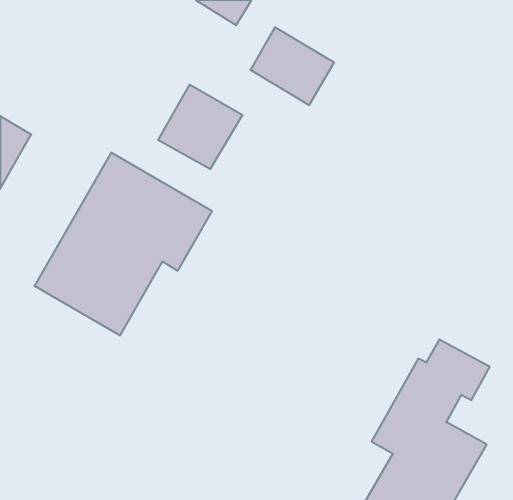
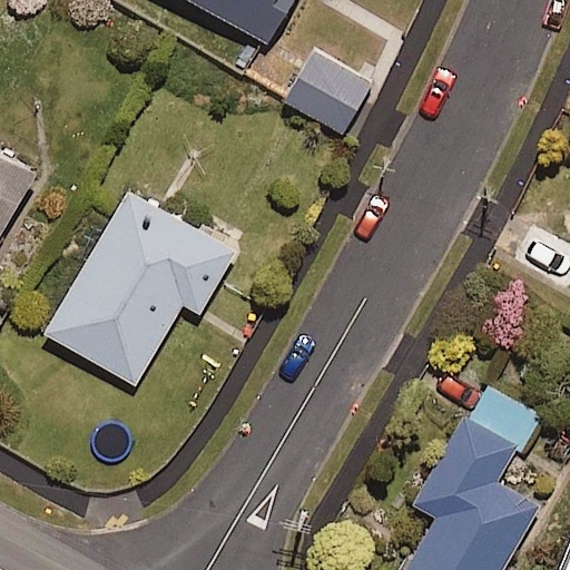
building: [158,85,242,169] -> none

